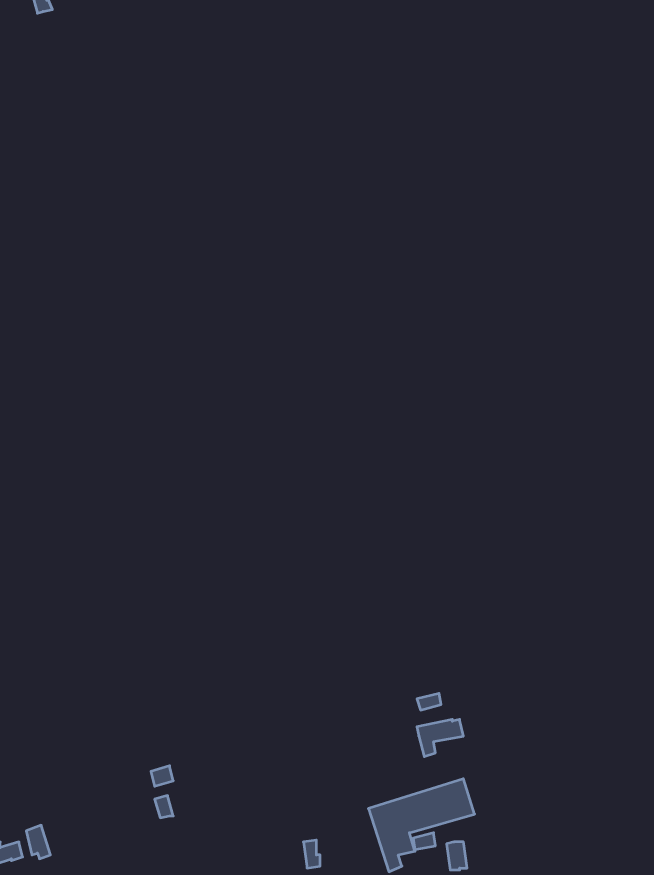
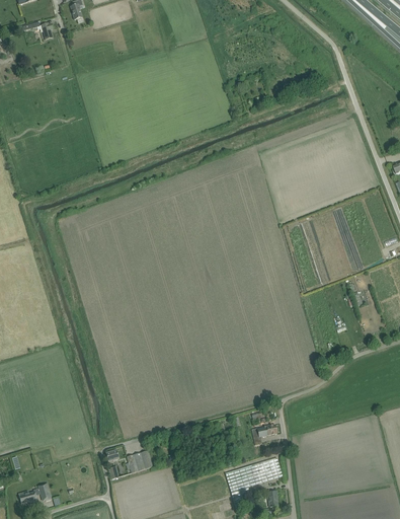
building: none -> [125,450,153,473]

